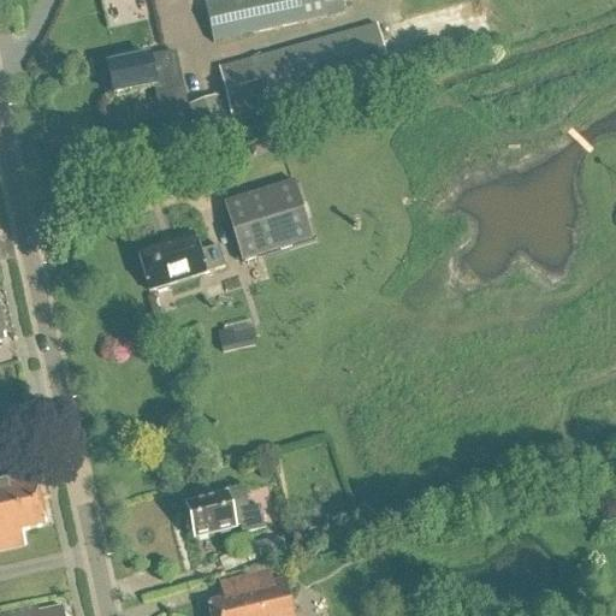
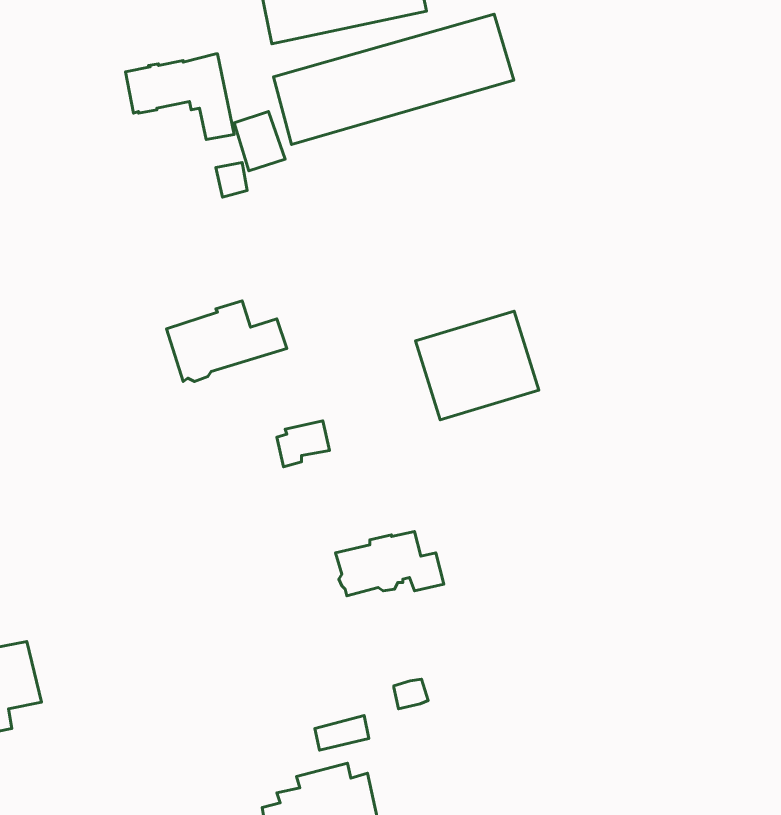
building: [223,178,313,257] -> [415,311,539,420]
building: [185,487,265,534] -> [335,532,444,596]

